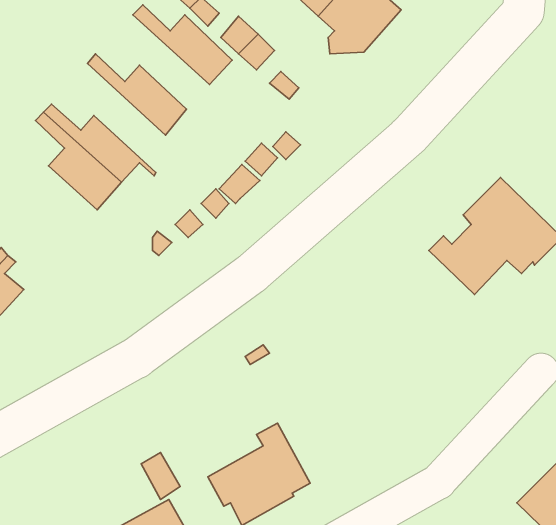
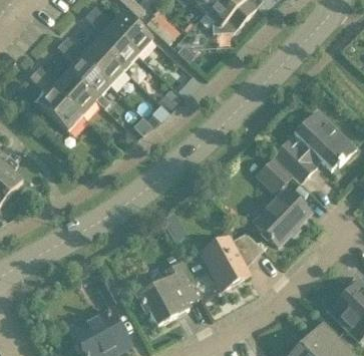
building: none -> [86,10,138,68]
building: none -> [59,40,111,107]
building: none -> [254,157,311,246]
building: none -> [202,232,263,289]

